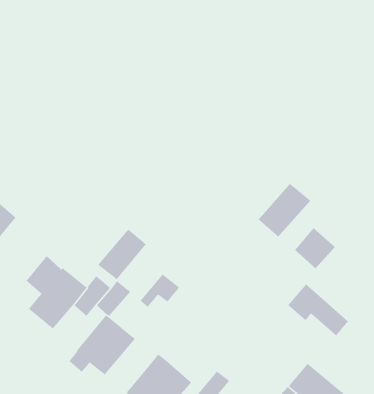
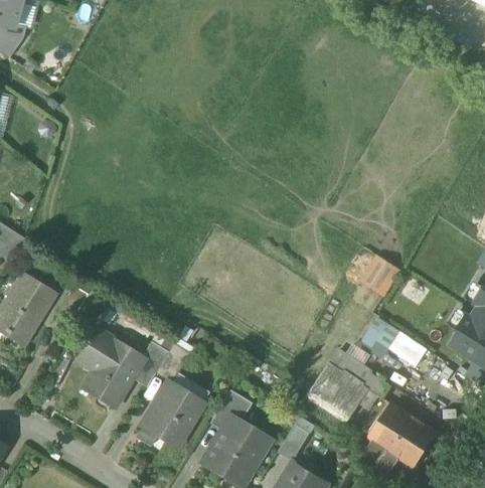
building: [258,183,311,238] -> none
building: [97,229,147,280] -> none
building: [139,273,180,308] -> [211,391,253,431]
building: none -> [306,348,392,424]

